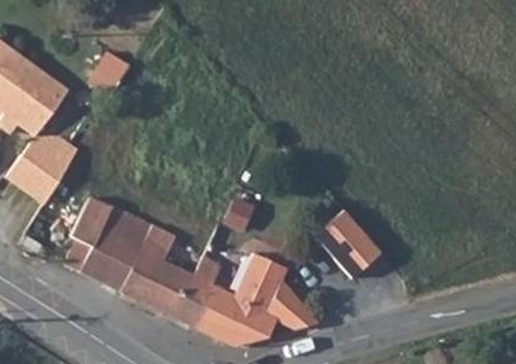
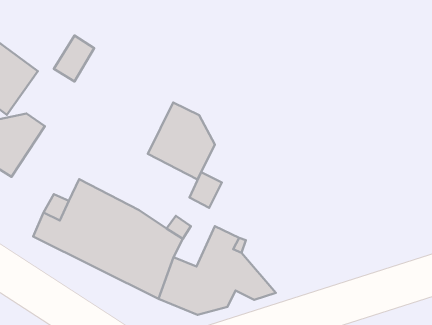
building: none -> [148,103,215,180]
building: [313,209,381,277] -> none

